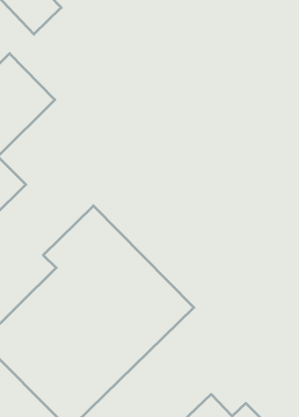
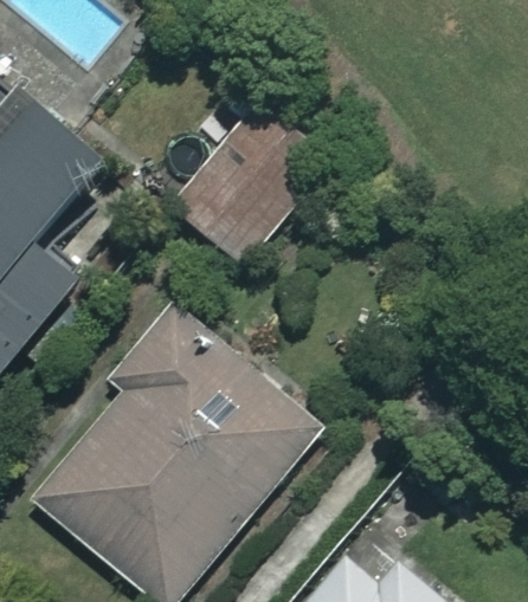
building: none -> [178,104,324,260]

